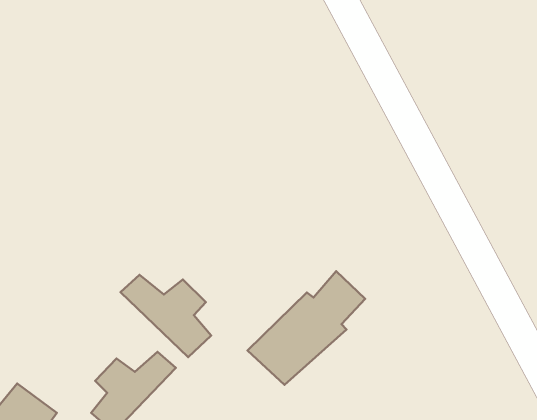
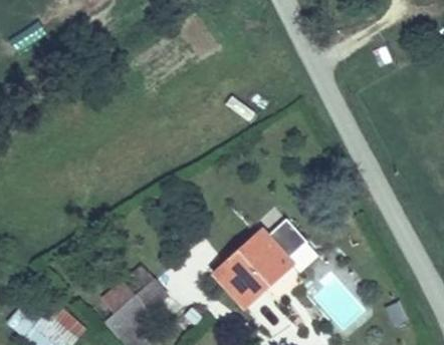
building: [120,275,211,357] -> none

